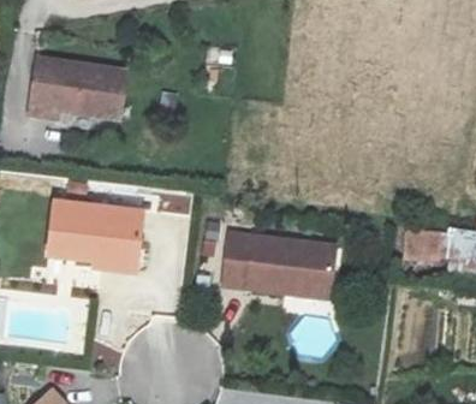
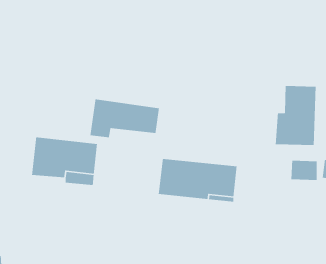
building: [24,63,121,118] -> [89,98,160,138]
building: none -> [275,85,316,146]

